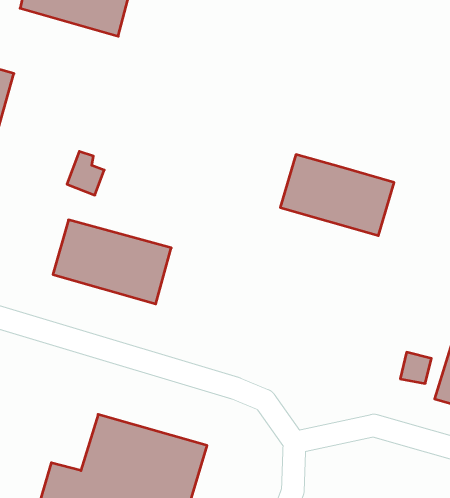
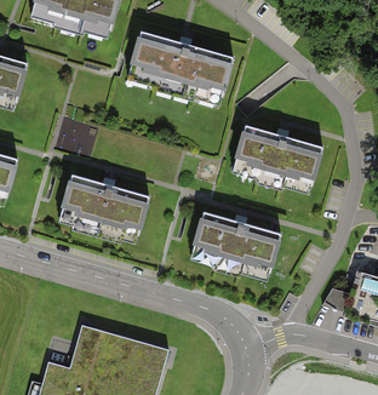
building: none -> [124,30,231,101]
building: none -> [189,211,280,276]

